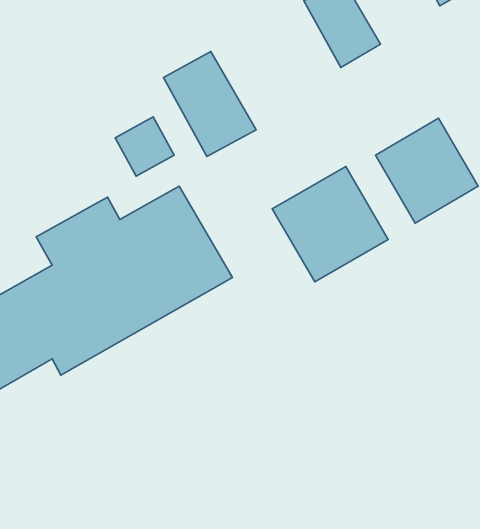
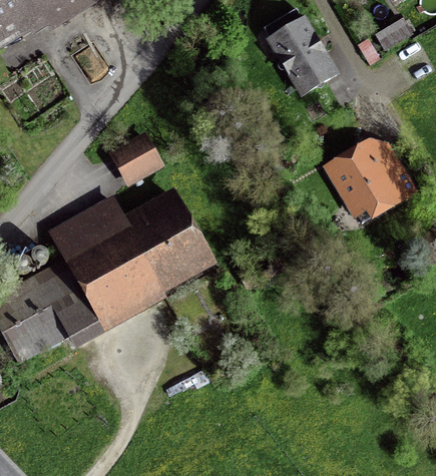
building: [164,51,256,157] -> none
building: [272,166,388,282] -> none

